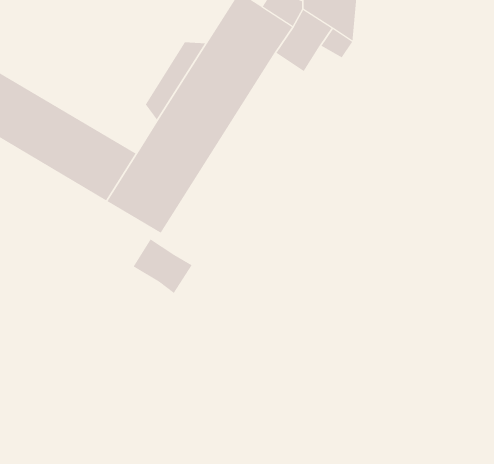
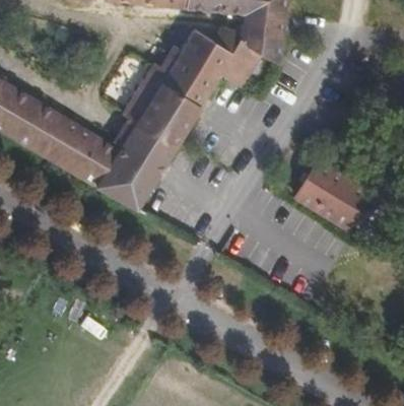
building: none -> [294,161,371,228]
building: [133,238,193,294] -> none

